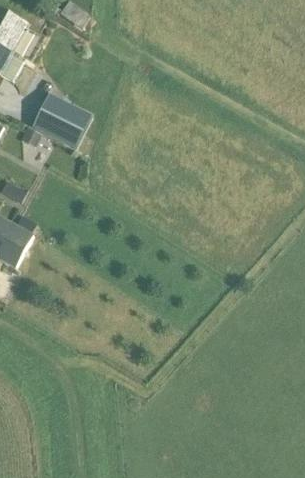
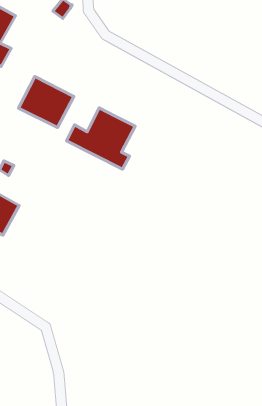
building: none -> [66,108,135,169]

